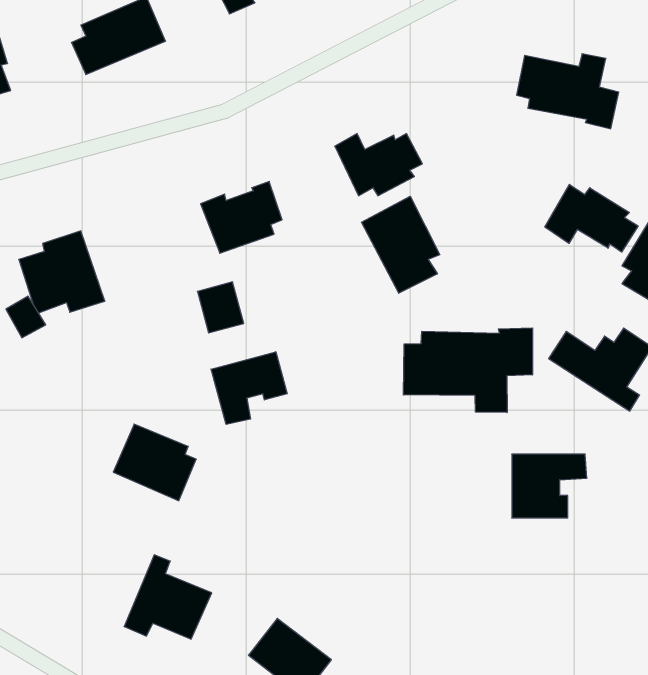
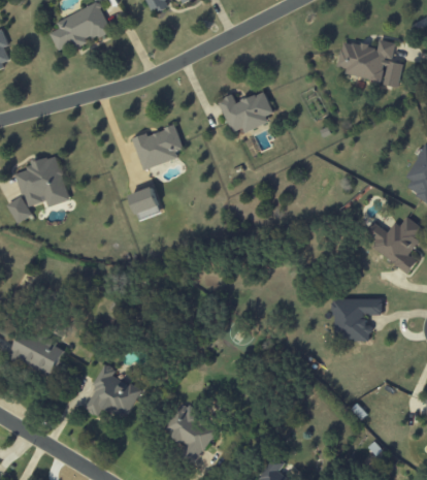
building: [545,184,638,252] -> none
building: [362,196,440,293] -> none
building: [403,328,532,413] -> none
building: [211,352,287,424] -> none
building: [113,424,196,501] -> [9,327,63,377]

